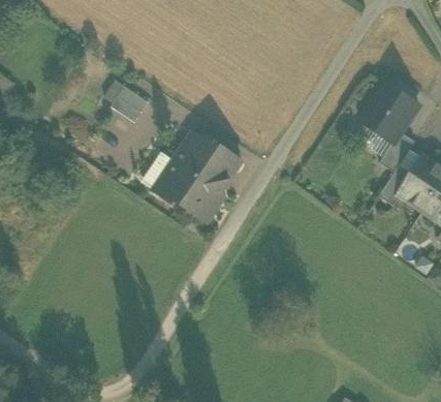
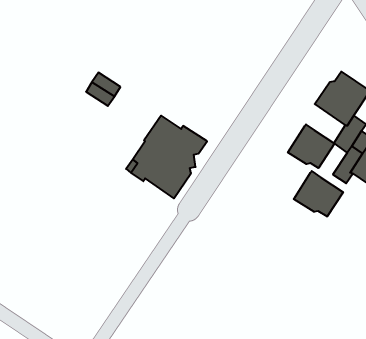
building: none -> [288,124,334,168]
building: none -> [294,171,343,217]

